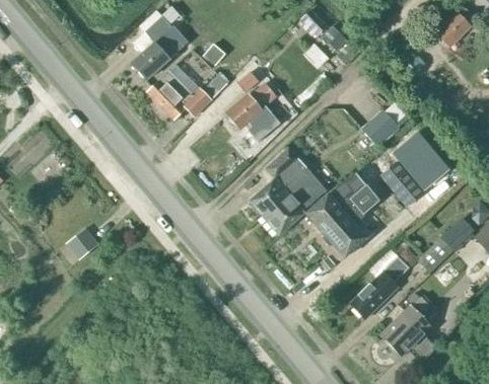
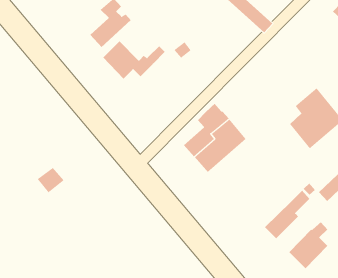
building: [227,83,280,142] -> none
building: [361,108,400,147] -> none
building: [305,171,379,257] -> none

